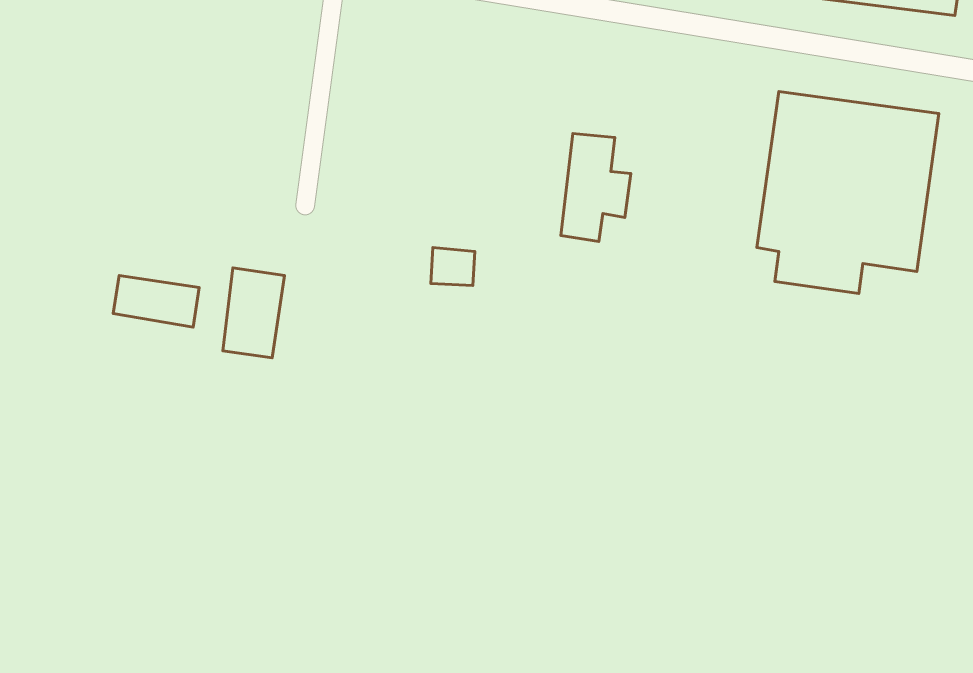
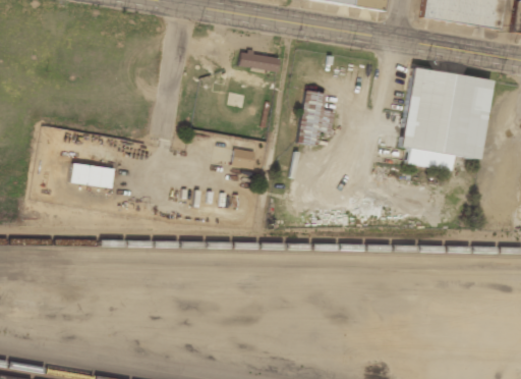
building: none -> [241,50,281,69]
building: [223,268,285,358] -> none

